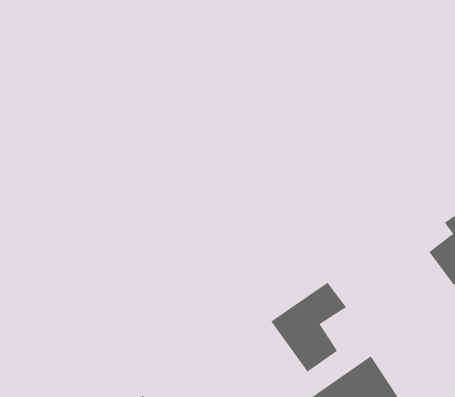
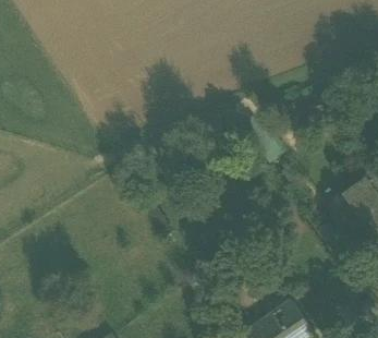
building: [271,282,347,372] -> none

